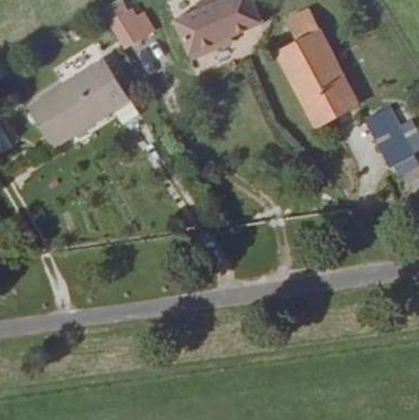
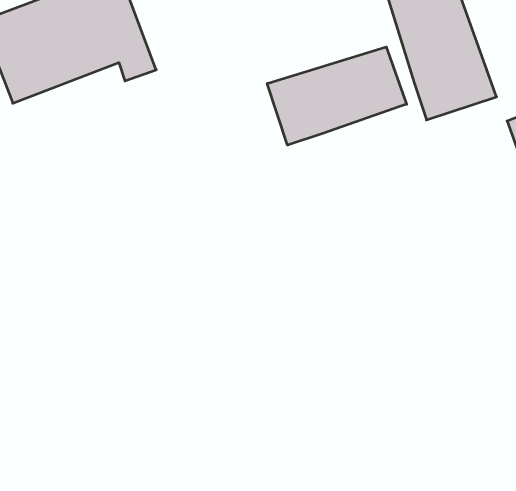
building: none -> [267,47,407,145]

